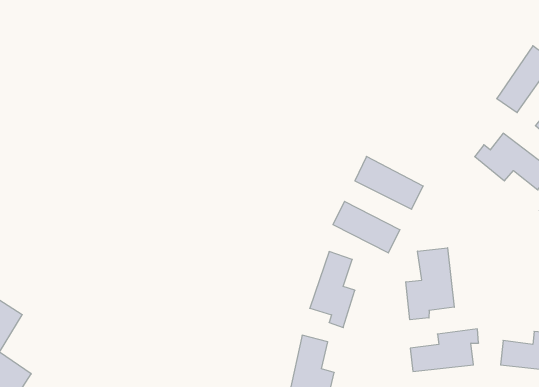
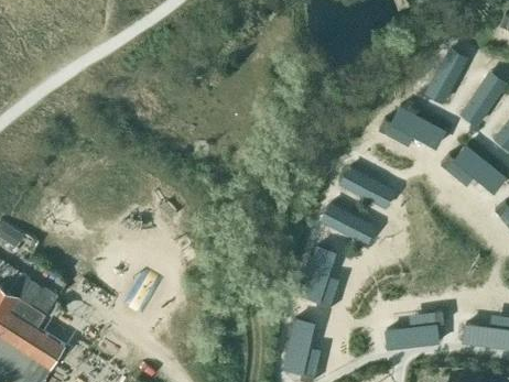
building: none -> [427,47,469,102]
building: none -> [380,105,447,148]
building: [406,248,454,320] -> none

